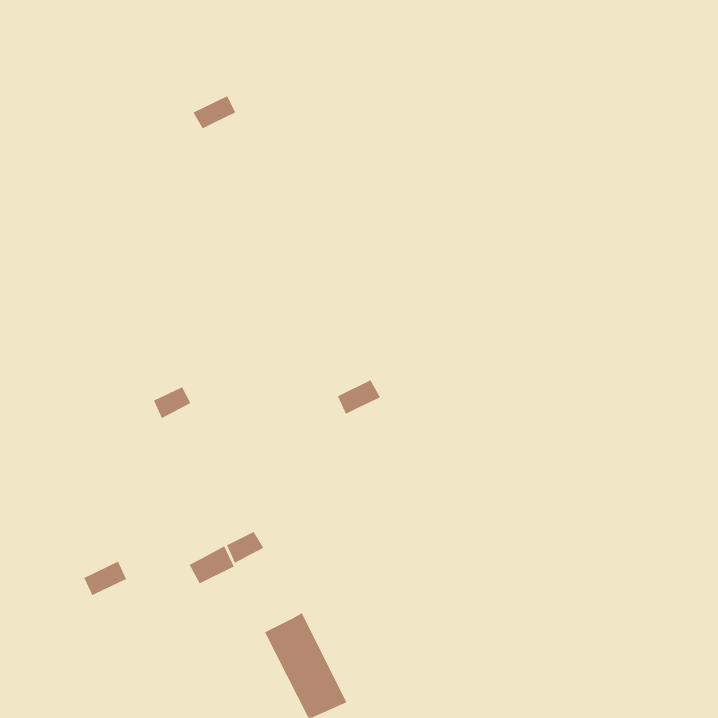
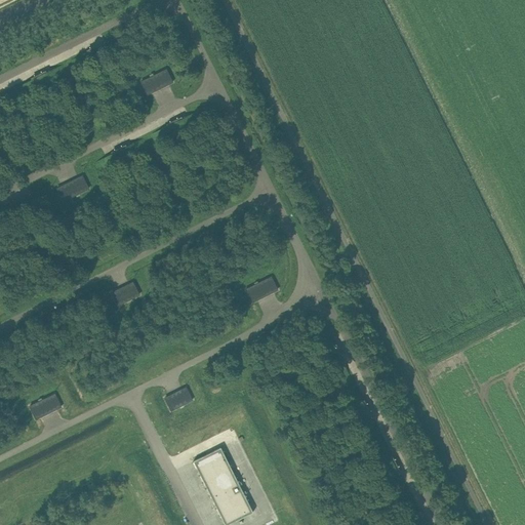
building: none -> [56,175,89,201]
building: [189,546,235,584] -> none
building: [83,561,127,596] -> [30,394,62,419]

